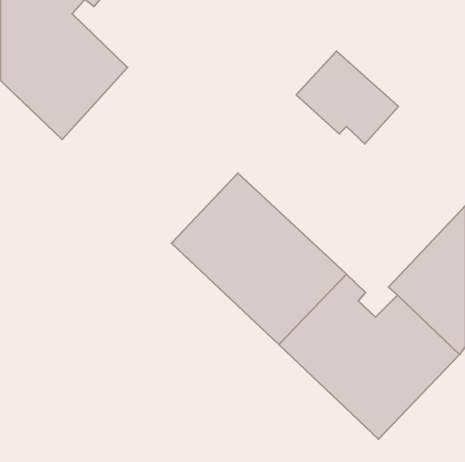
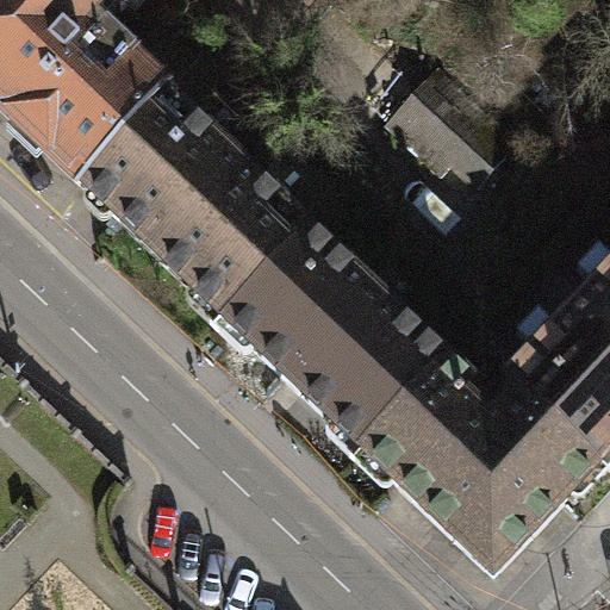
building: none -> [82,88,312,318]

